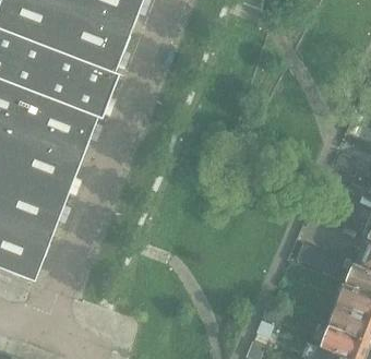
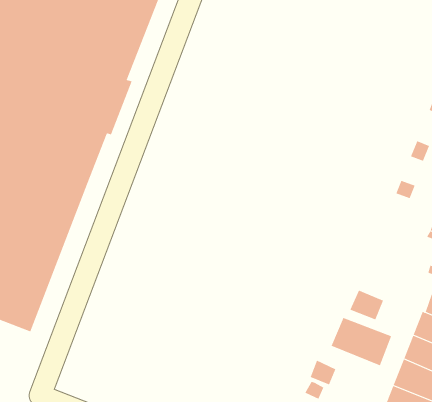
building: none -> [331,317,392,366]

